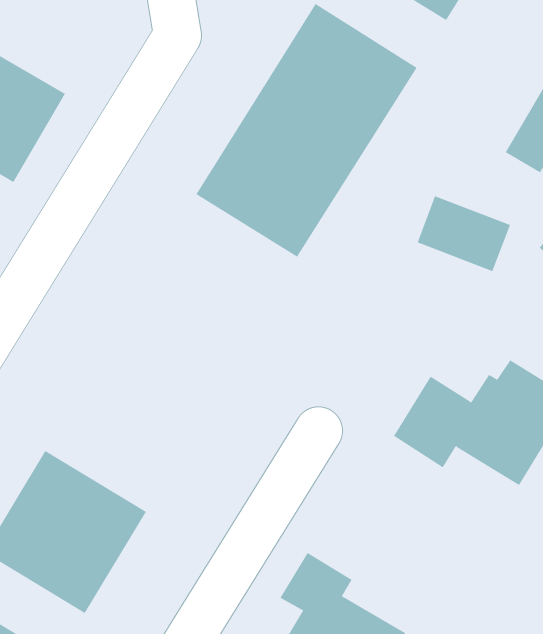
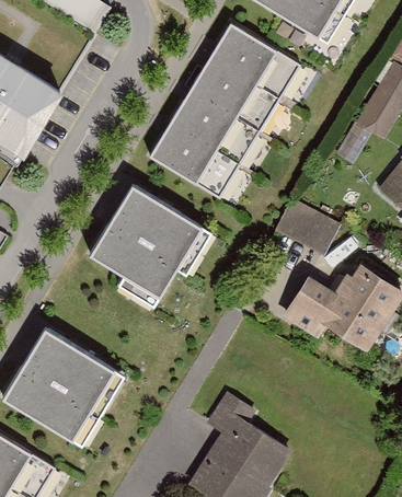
building: [417,196,511,272] -> [272,201,335,253]
building: none -> [92,185,203,294]

